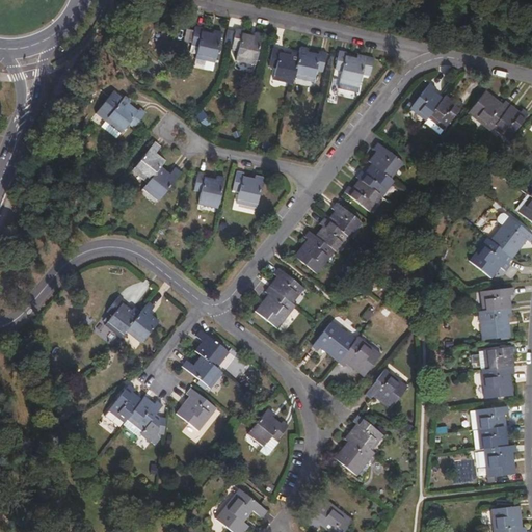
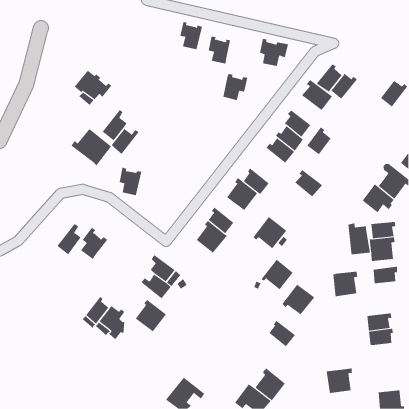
building: [192,26,221,62] -> none
building: [294,47,327,82] -> [222,74,248,101]
building: [468,90,510,130] -> none
building: none -> [301,79,333,111]
building: none -> [306,127,331,155]
building: none -> [71,128,112,166]
building: [194,170,224,208] -> [119,167,142,196]
building: [233,170,263,208] -> none
building: [326,202,363,238] -> [295,169,323,197]
building: none -> [348,223,370,255]
building: [125,301,157,343] -> [57,223,81,255]
building: [312,319,356,362] -> [253,216,287,249]
building: [481,365,514,398] -> [332,271,358,297]
building: [247,408,288,455] -> none
building: [334,431,374,475] -> [254,368,286,401]
building: [482,444,516,477] -> [326,368,352,394]

